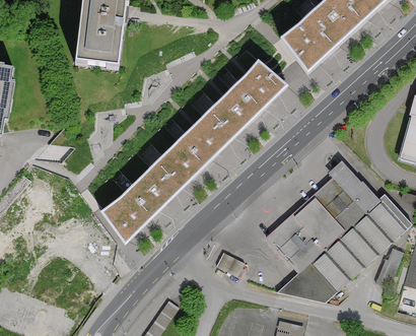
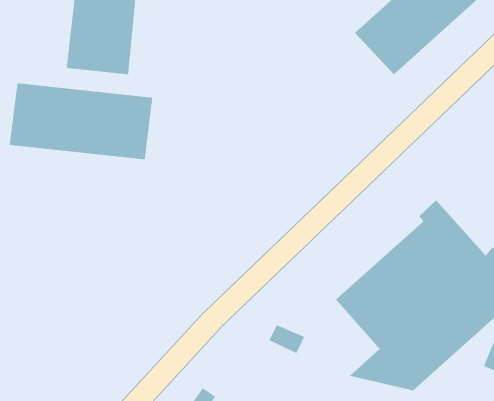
building: [98,60,286,241] -> none
building: none -> [9,82,153,160]

